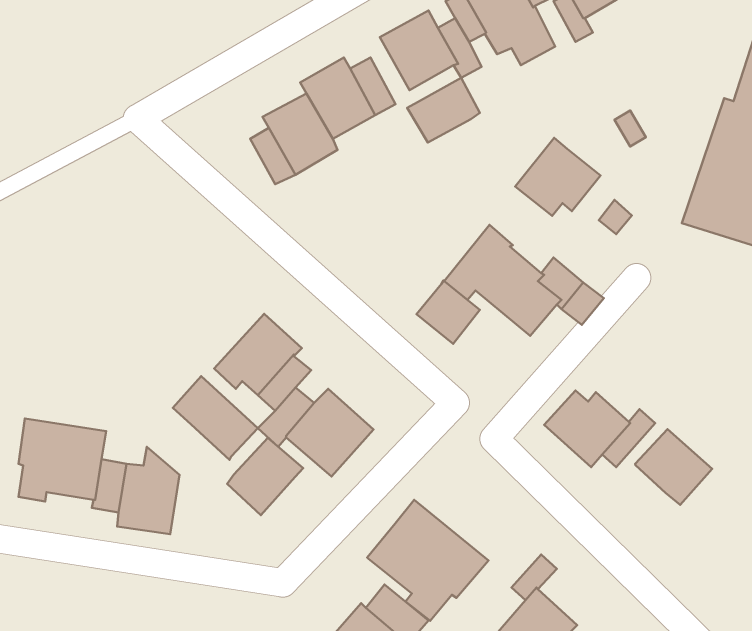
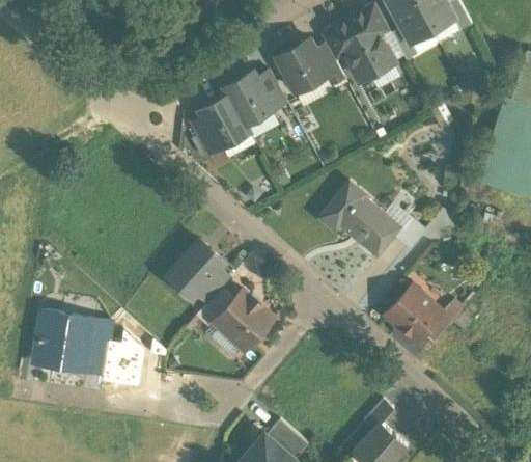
building: [407,78,480,143] -> none
building: [515,138,600,216] -> none
building: [416,280,480,344] -> none
building: [173,376,258,460] -> none
building: [635,429,712,505] -> none
building: [227,438,303,515] -> none
building: [367,500,488,621] -> none

